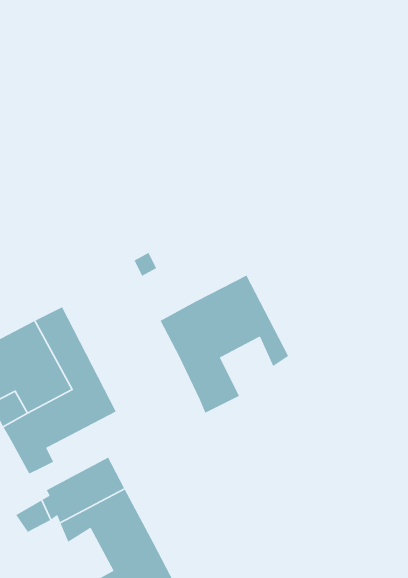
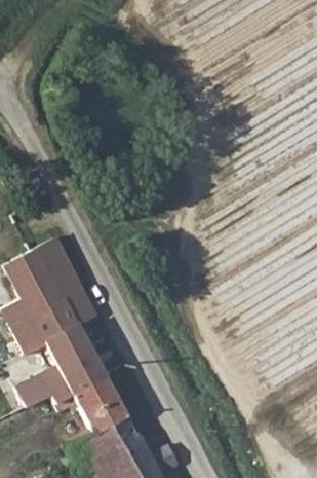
building: [159,275,289,414] -> none
building: none -> [40,316,113,374]

